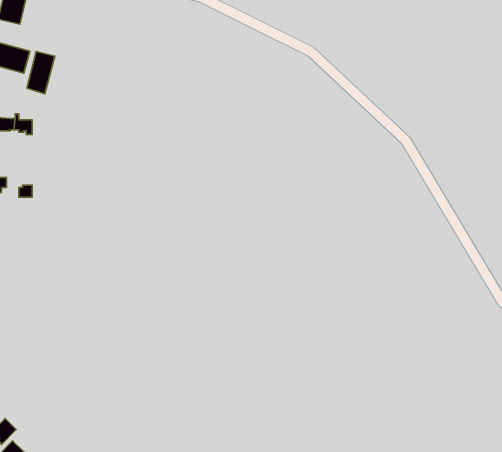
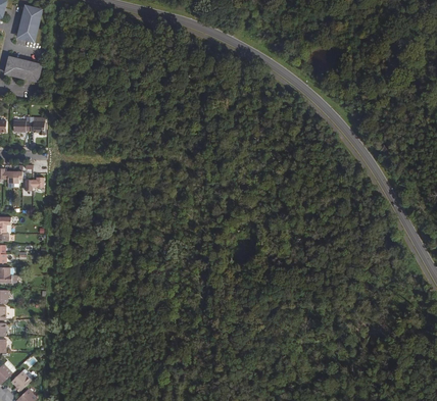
building: [27,52,55,94] -> none

